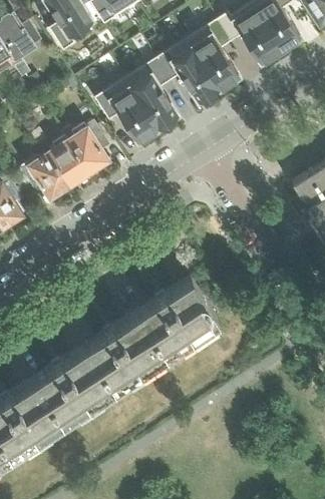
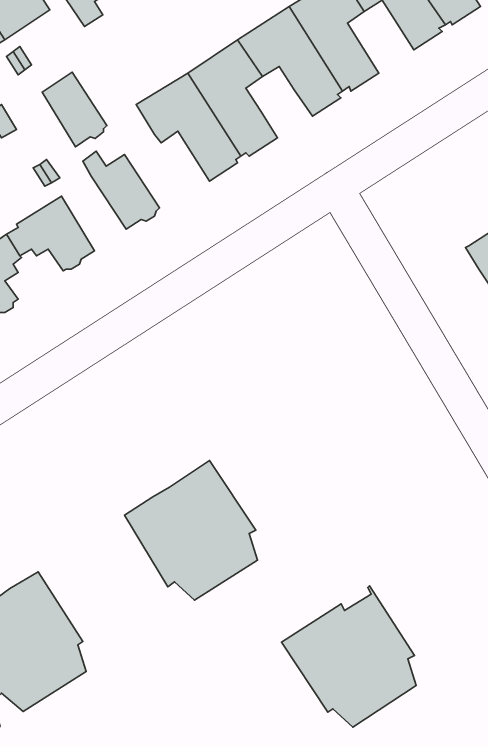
building: [48,140,87,185] -> [42,72,107,147]
building: [137,278,219,363] -> [281,586,416,727]
building: [34,345,115,430] -> none

